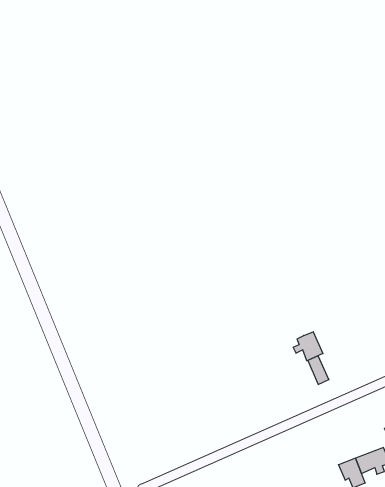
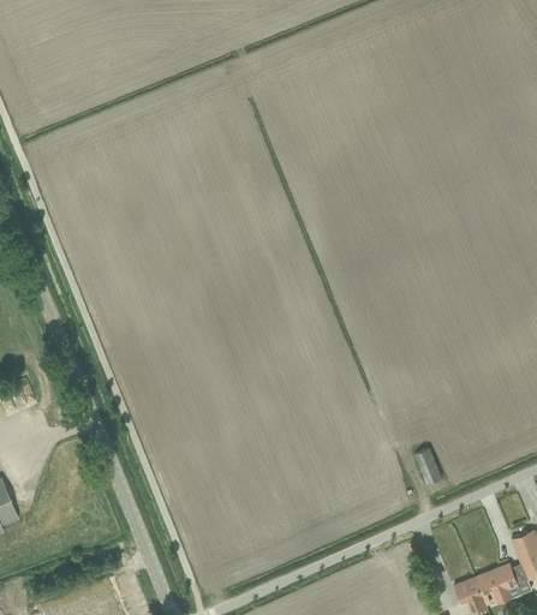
building: [293,332,323,361] -> none

